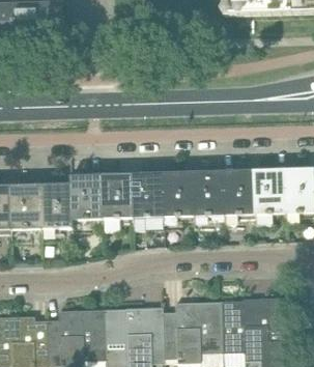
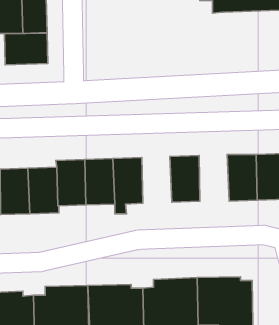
building: none -> [4,33,48,65]
building: [225,167,257,217] -> none
building: [164,169,196,219] -> none

